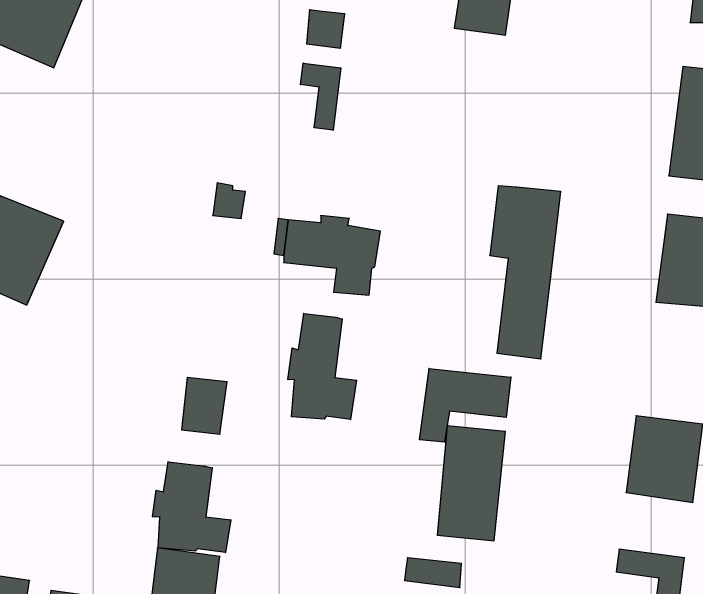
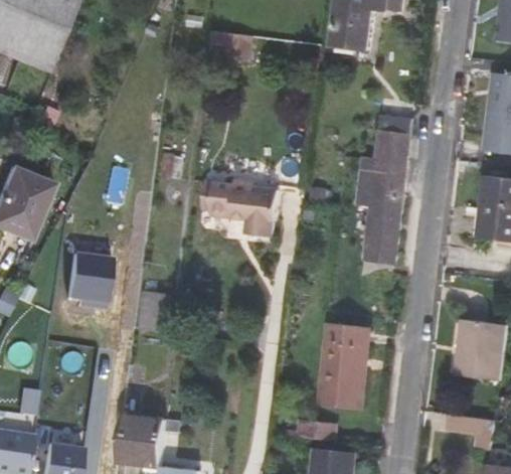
building: [300,63,341,130] -> none
building: none -> [375,114,411,160]
building: [288,313,357,420] -> none
building: none -> [66,252,112,303]
building: [420,368,511,442] -> none
building: [152,462,231,553] -> none

